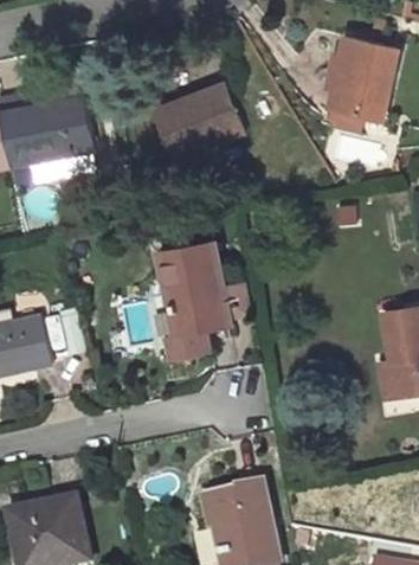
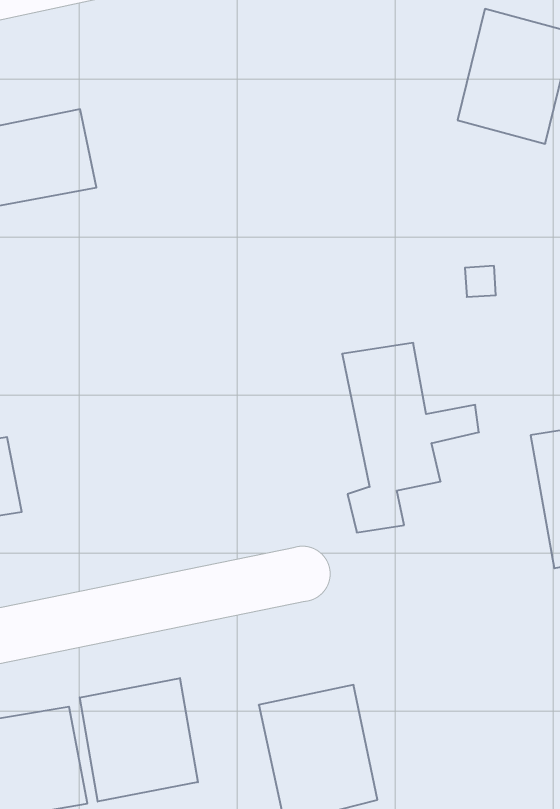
building: [156,85,246,162] -> none
building: [156,237,245,360] -> [342,343,479,532]
building: none -> [80,678,198,802]

